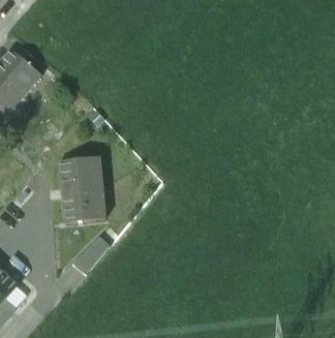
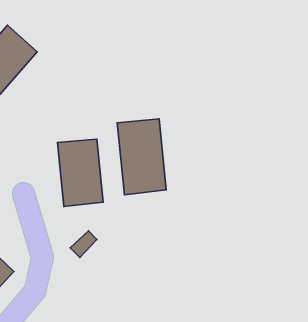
building: none -> [117,119,166,195]

